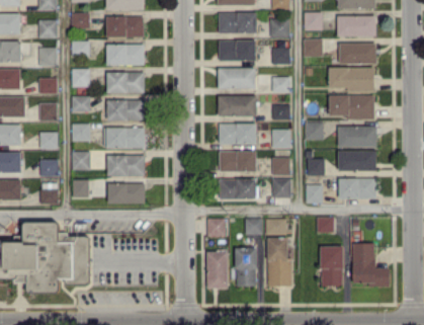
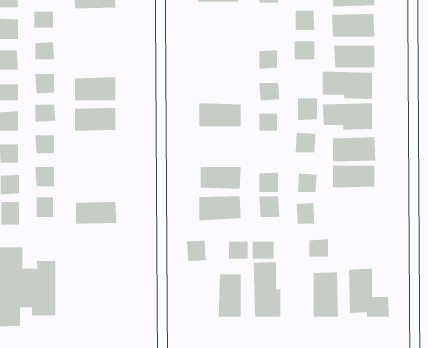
building: [218,12,256,33] -> none
building: [105,16,143,37] -> none
building: [269,18,289,37] -> none
building: [218,40,255,61] -> none
building: [105,45,144,66] -> none
building: [218,68,254,89] -> none
building: [218,124,256,145] -> none
building: [103,128,144,149] -> none
building: [271,129,289,149] -> [297,98,318,120]
building: [106,155,145,176] -> none
building: [338,178,375,199] -> none
building: [205,251,227,289] -> none

